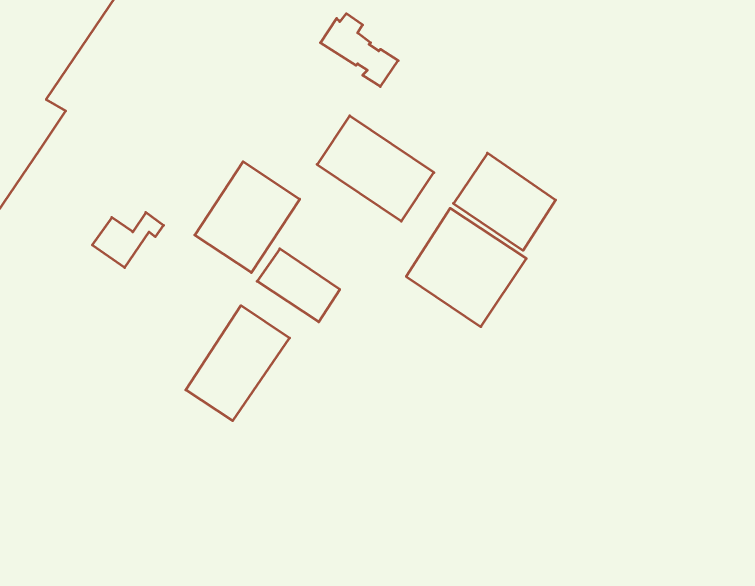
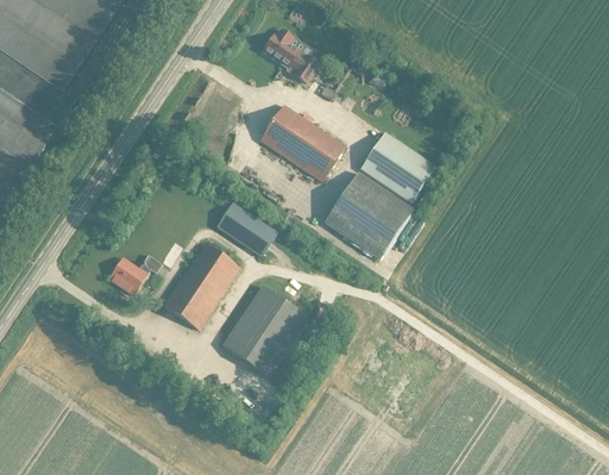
building: [195,162,300,273] -> none
building: [92,212,164,268] -> [108,254,161,294]
building: none -> [221,286,308,376]

